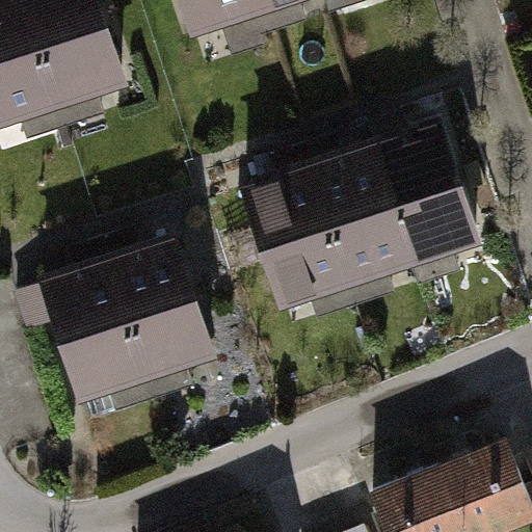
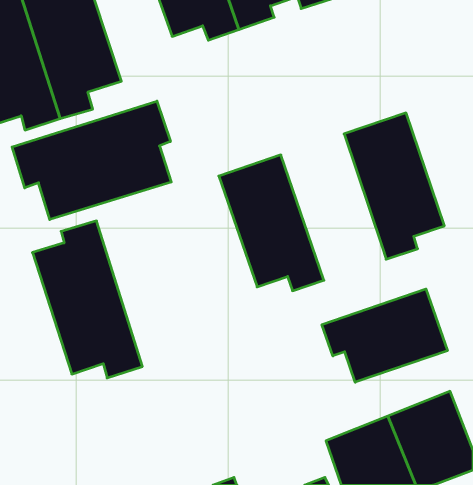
building: none -> [12,101,171,220]
building: [305,145,416,304] -> none
building: [105,229,221,398] -> none
building: none -> [322,289,447,382]

